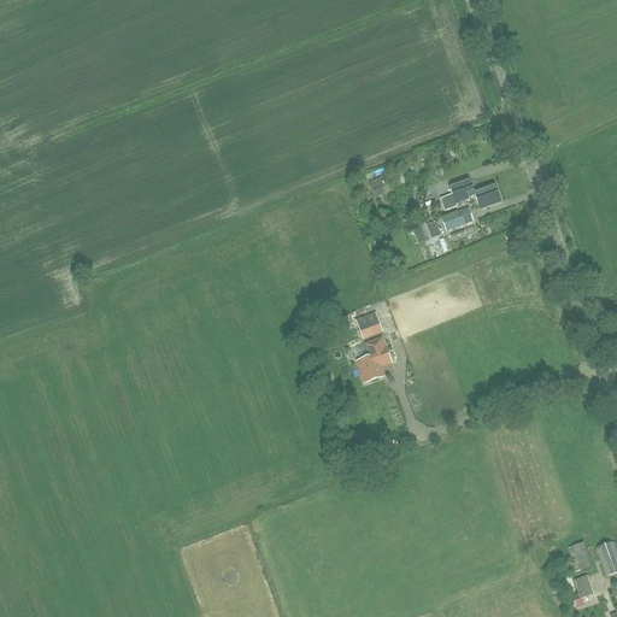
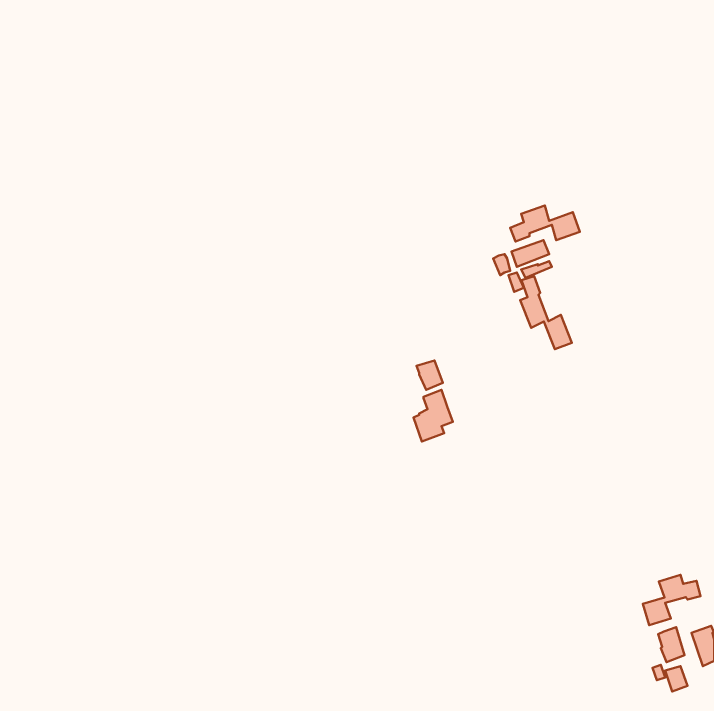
building: none -> [520,276,572,349]
building: none -> [643,575,700,625]

